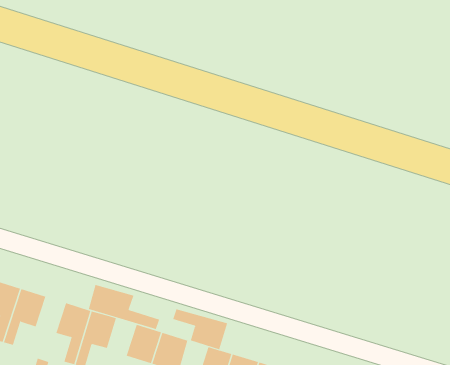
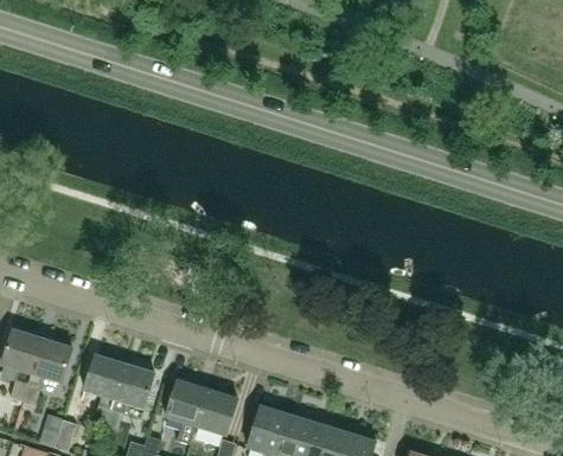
building: [88,284,160,330] -> none
building: [173,308,228,350] -> none

